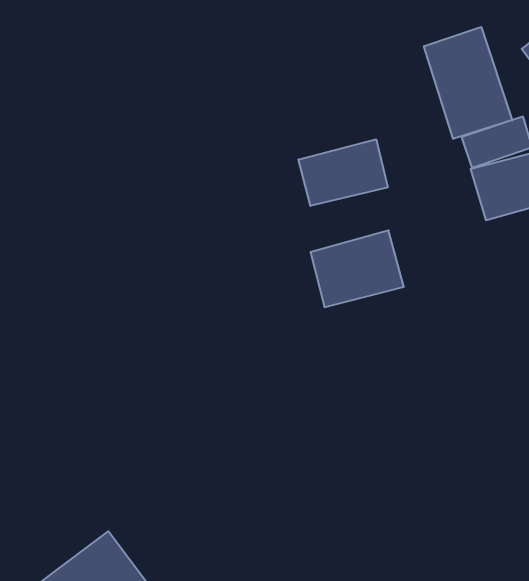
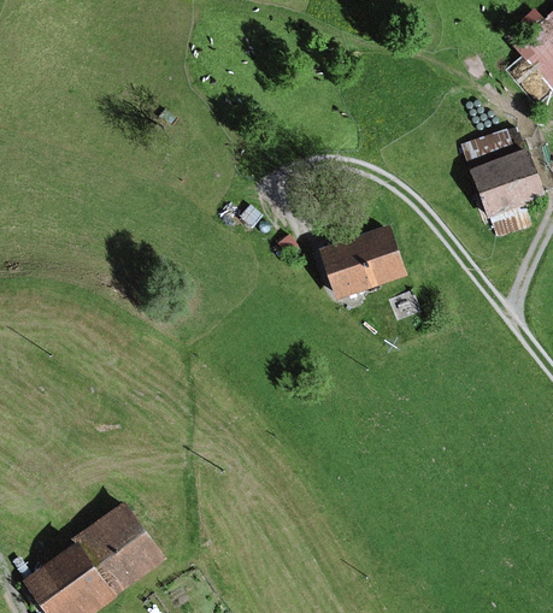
building: [424,27,512,139] -> none
building: [298,139,388,206] -> none

